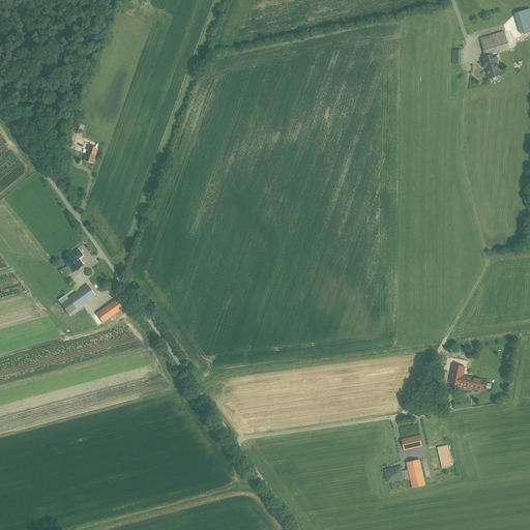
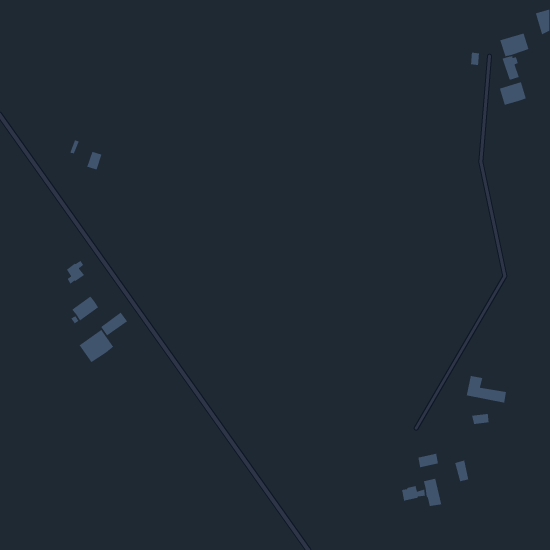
building: none -> [499,81,527,106]
building: none -> [79,329,114,363]

